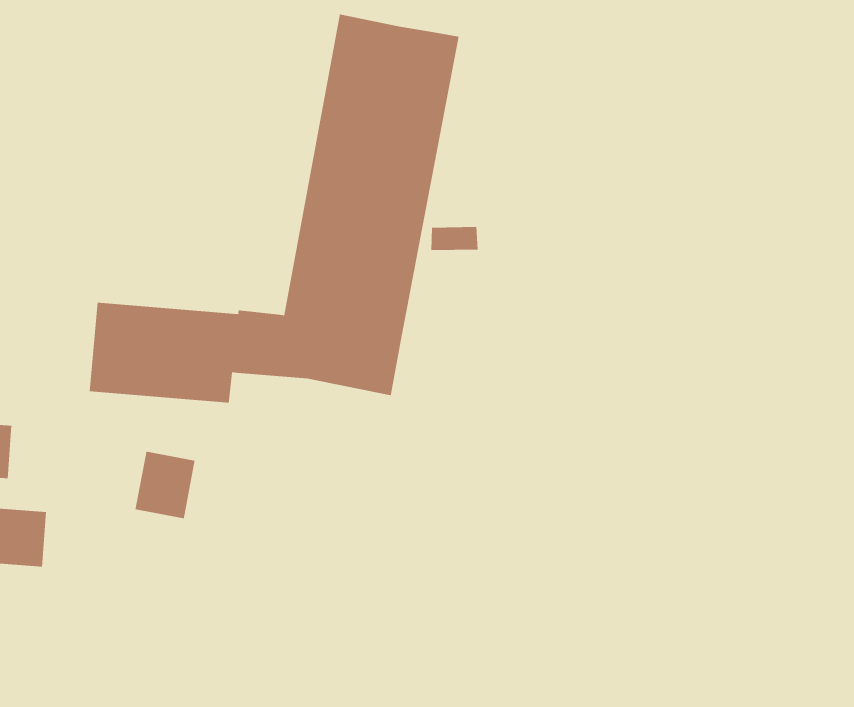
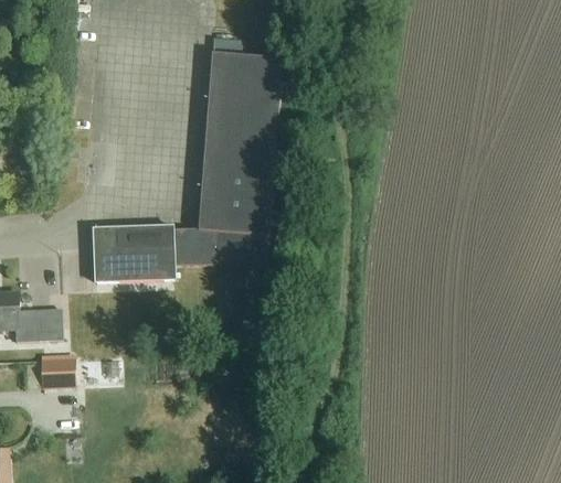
building: [135,451,195,519] -> none

